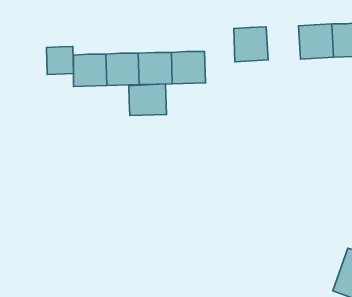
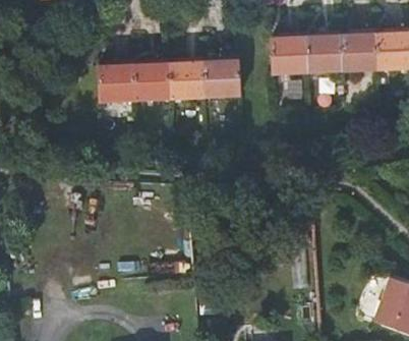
building: none -> [302,36,339,72]
building: [47,47,74,74] -> none
building: [129,84,166,116] -> none

